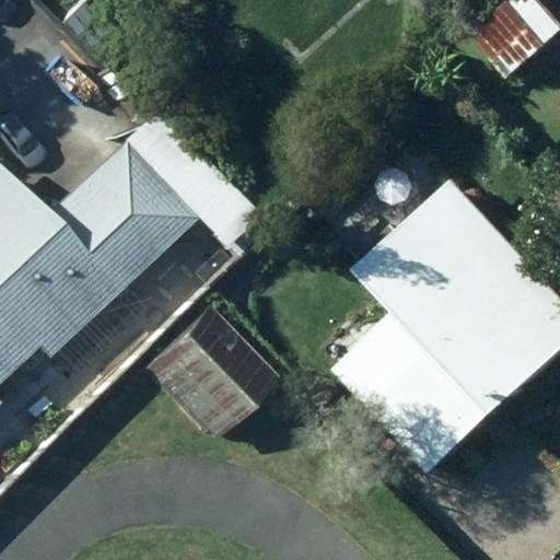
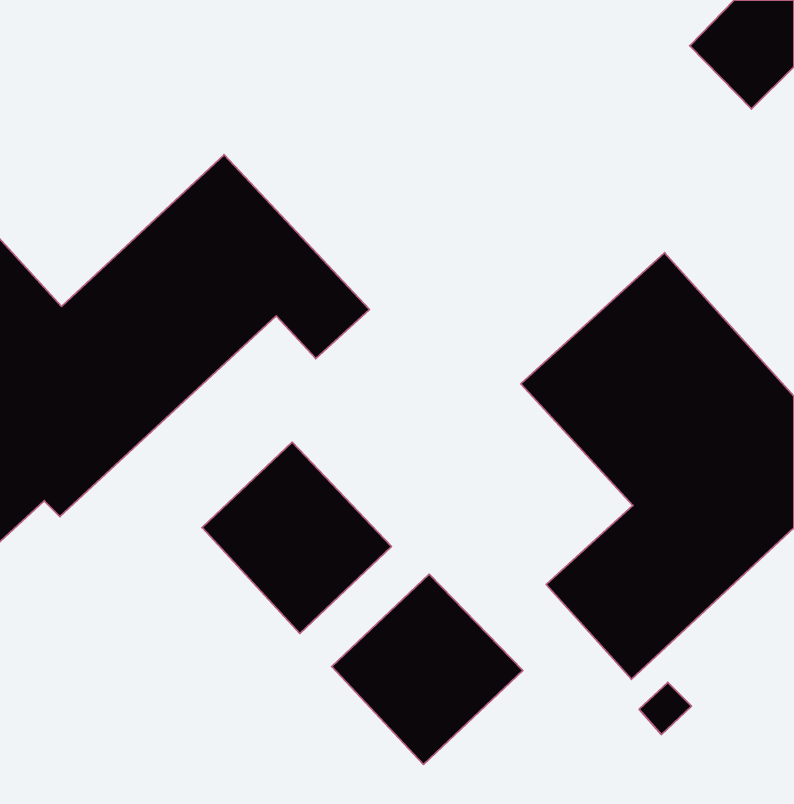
building: none -> [332,574,523,764]

